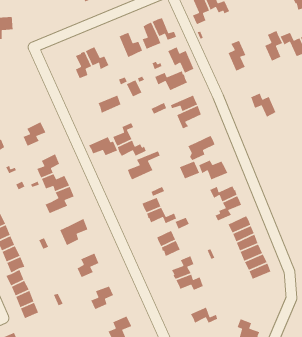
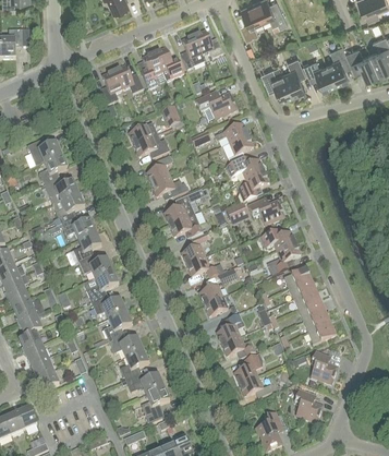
building: none -> [142,51,161,87]
building: [167,46,195,74] -> [260,67,293,99]
building: [250,92,277,118] -> [304,58,336,88]
building: none -> [27,137,61,164]
building: none -> [226,157,264,178]
building: [88,136,118,156] -> [133,133,169,157]
building: none -> [45,177,78,200]
building: none -> [169,212,203,236]
building: none -> [78,254,112,277]
building: none -> [92,295,125,317]
building: none -> [109,334,143,356]
building: none -> [311,350,338,382]
building: none -> [233,351,263,383]
building: none -> [125,372,163,393]

